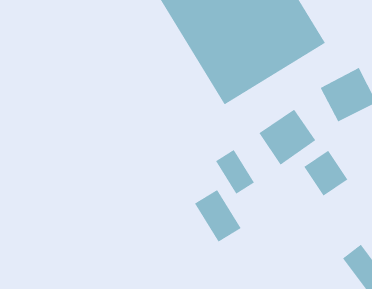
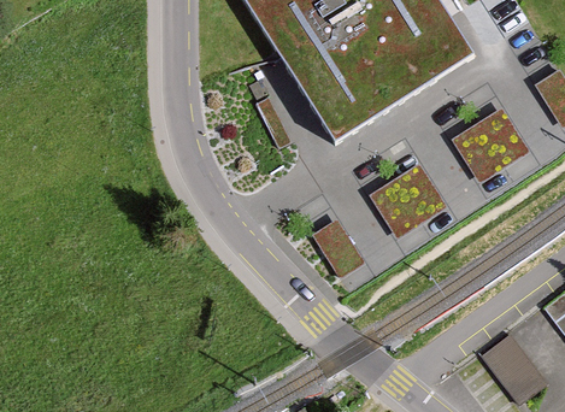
building: [303,150,348,196] -> none
building: [194,189,242,243] -> none

